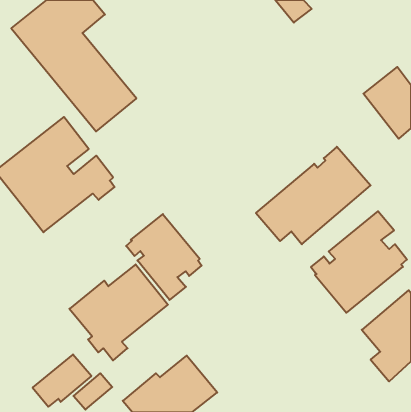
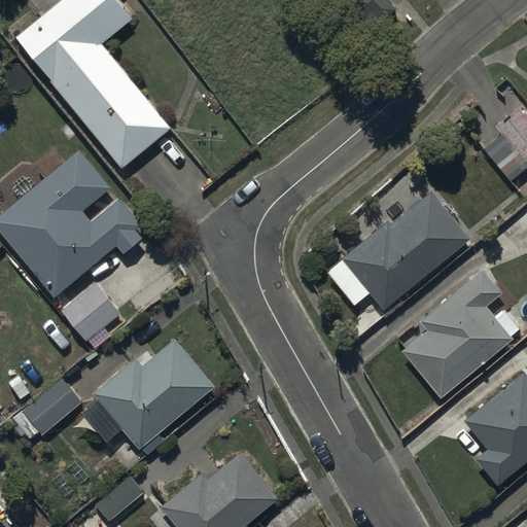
building: [126,214,202,300] -> none
building: none -> [61,282,120,341]
building: [33,354,91,407] -> [9,376,84,443]

